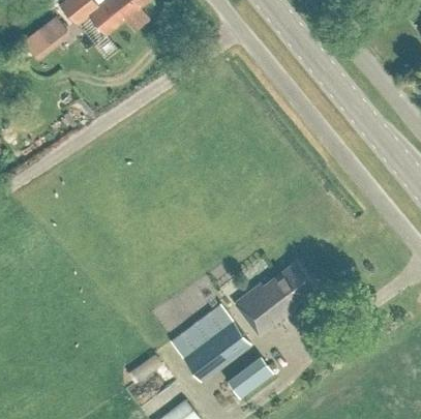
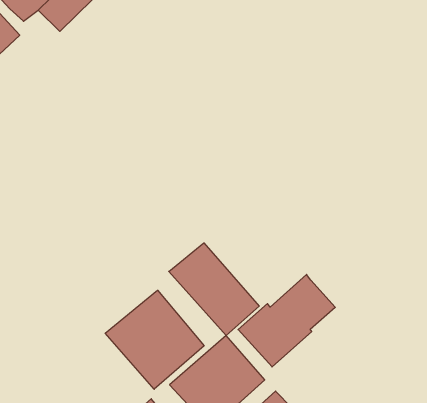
building: none -> [169,243,259,336]
building: none -> [105,290,204,389]

